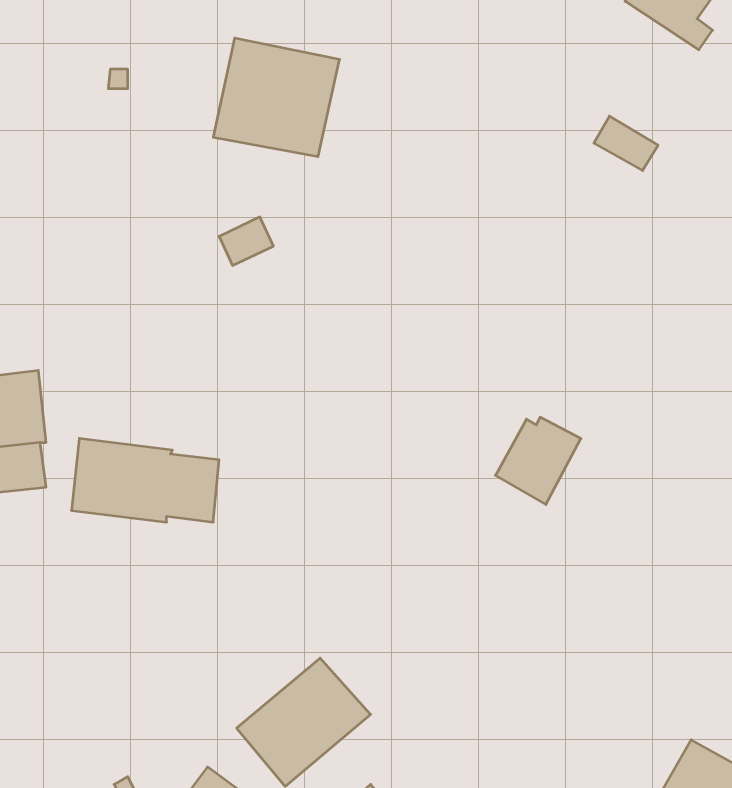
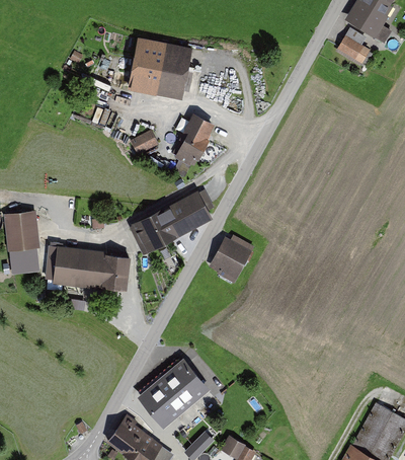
building: [594,116,658,171] -> [337,35,371,64]
building: none -> [172,113,216,166]
building: none -> [127,195,209,254]
building: [495,417,581,505] -> [210,236,254,282]

